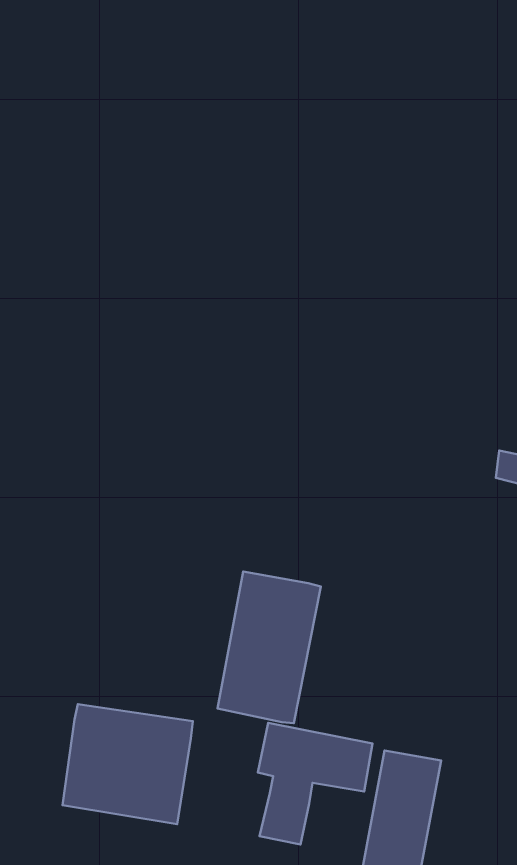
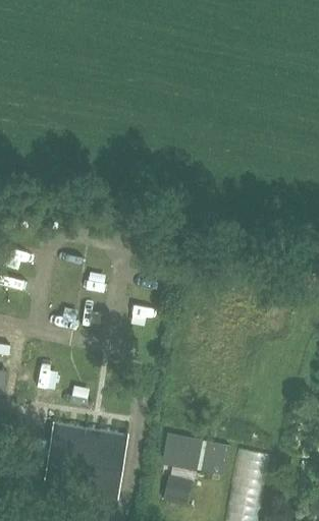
building: [218,571,321,723] -> none

